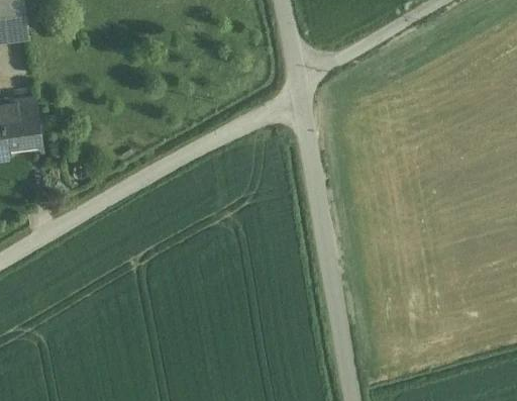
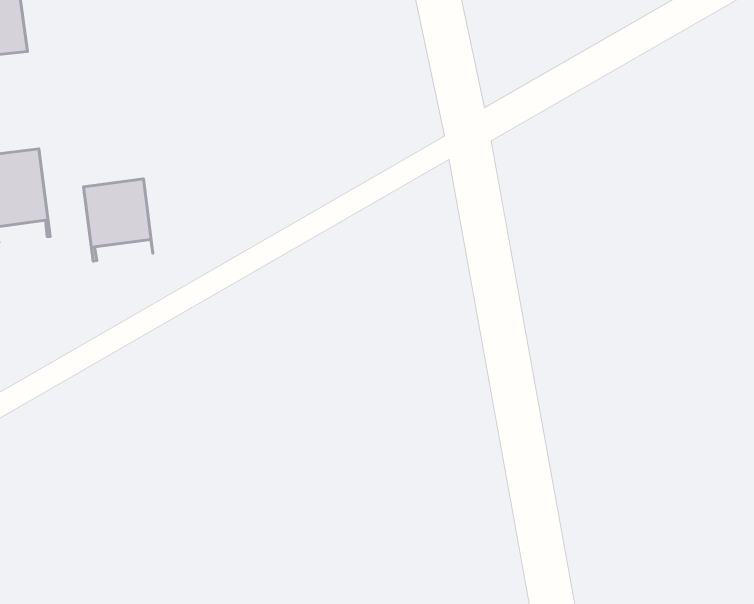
building: none -> [84,179,153,261]

